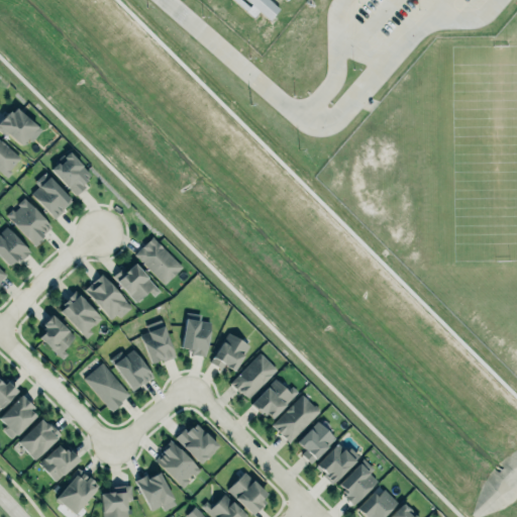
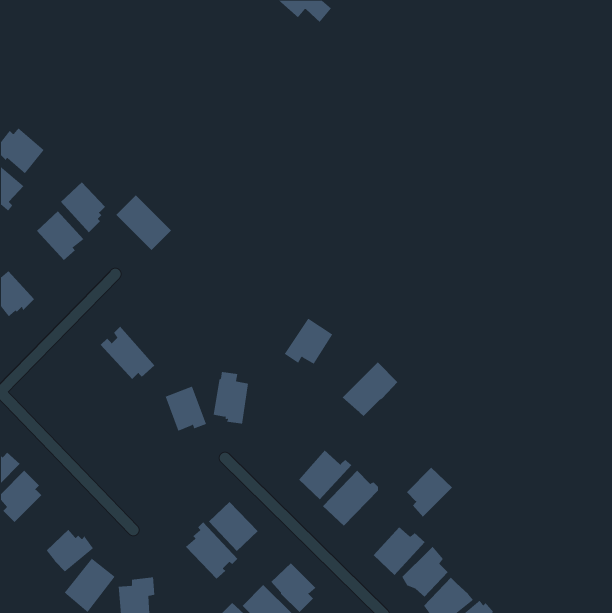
building: [7,198,53,247] -> none
building: [136,237,184,285] -> [115,194,172,251]
building: [113,264,160,303] -> none
building: [61,294,102,338] -> none
building: [39,315,78,357] -> none
building: [209,332,250,372] -> [284,318,333,365]
building: [110,349,154,392] -> none
building: [230,353,278,400] -> [342,362,398,417]
building: [85,363,130,412] -> none
building: [16,417,57,459] -> none
building: [298,422,337,464] -> [406,467,453,517]
building: [137,473,177,511] -> none

